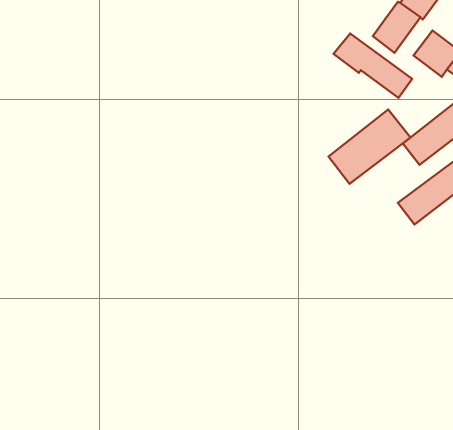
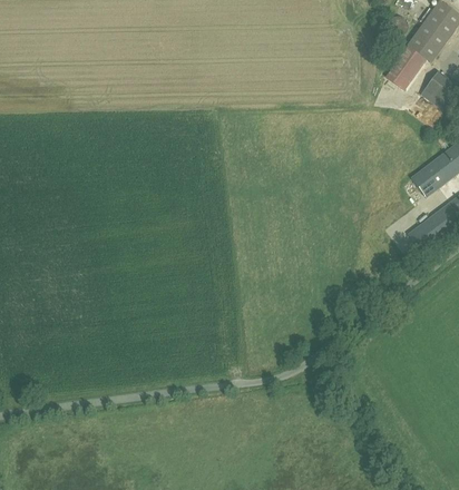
building: [333,33,412,98] -> none
building: [329,110,410,184] -> none

